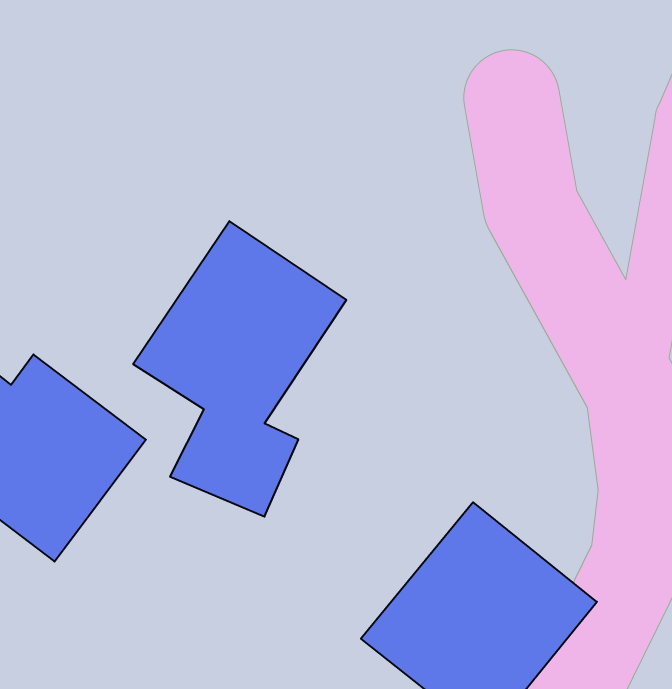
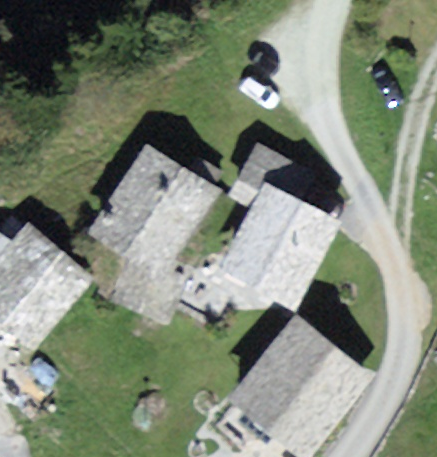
building: none -> [215,142,341,311]

